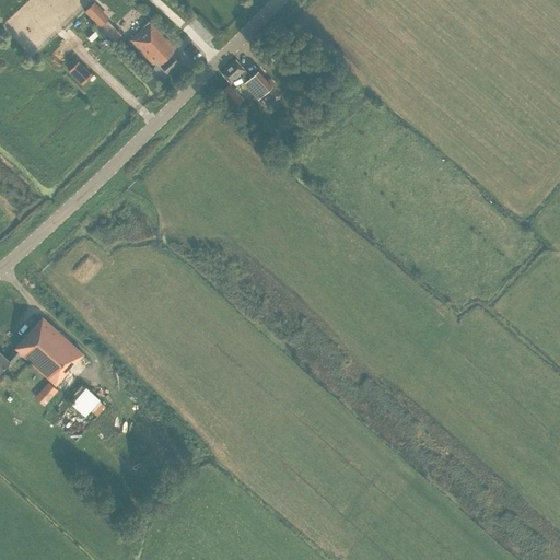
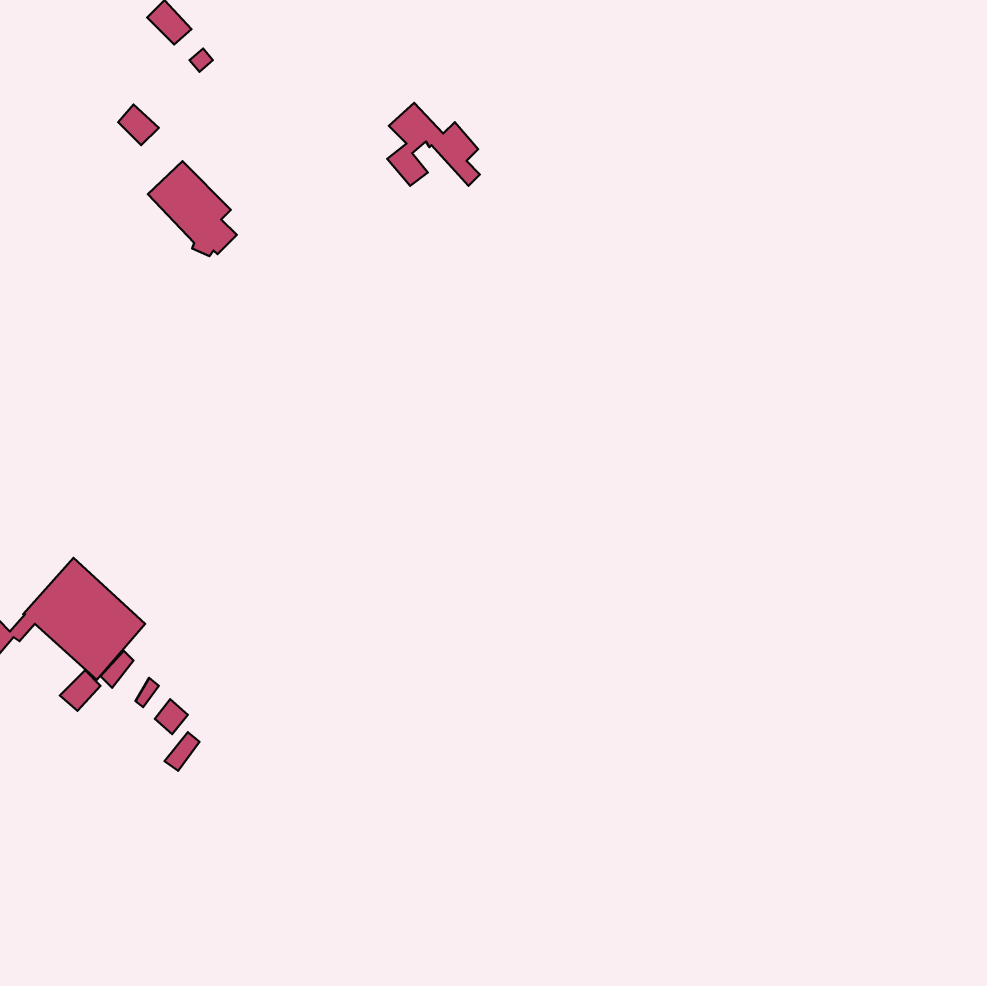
building: [128,20,178,73] -> [148,161,237,256]

